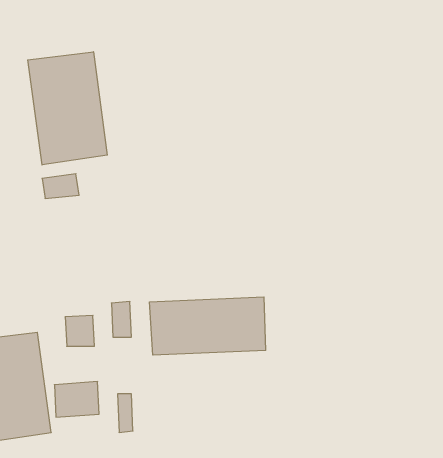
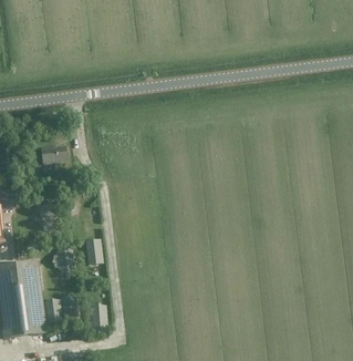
building: [28,52,107,165] -> none
building: [150,297,266,355] -> none

